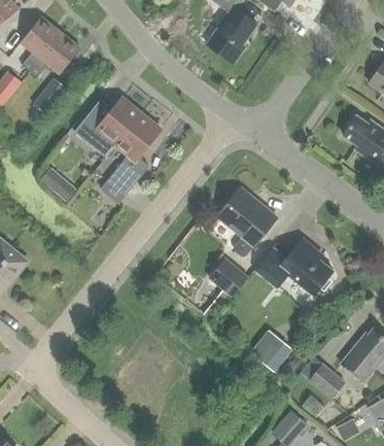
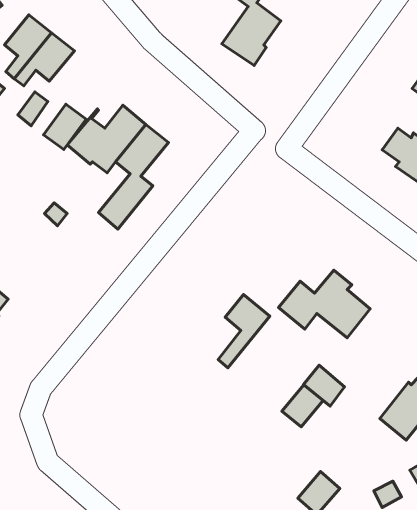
building: none -> [44,104,86,150]
building: [218,187,277,255] -> none
building: [310,364,345,399] -> [304,365,345,406]

